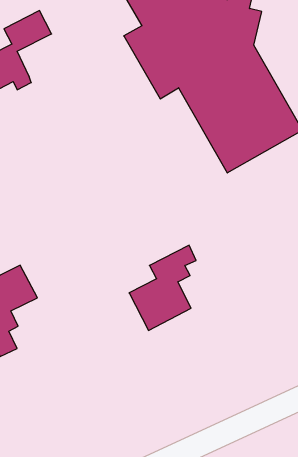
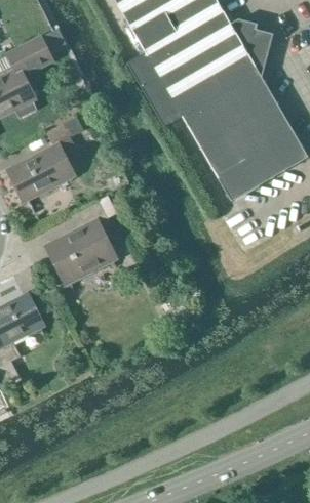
building: none -> [11,114,87,199]
building: [129,245,196,330] -> [49,196,117,282]

